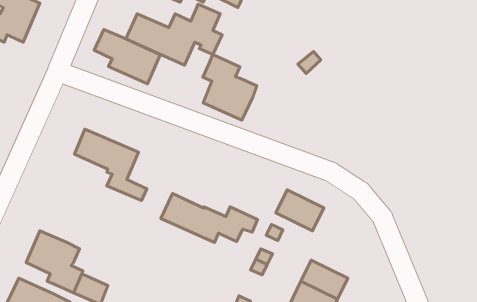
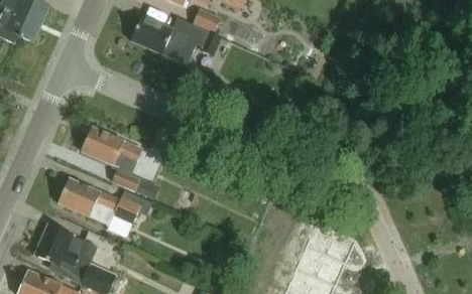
building: [94,30,160,84] -> none
building: [203,55,257,120] -> none
building: [276,190,324,231] -> [309,230,355,269]
building: [161,193,257,243] -> [57,177,150,225]

